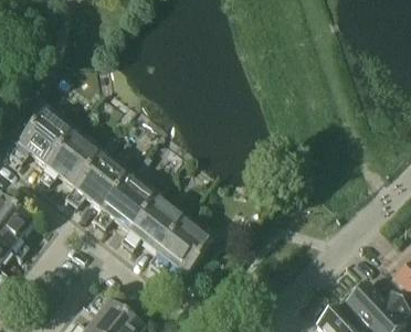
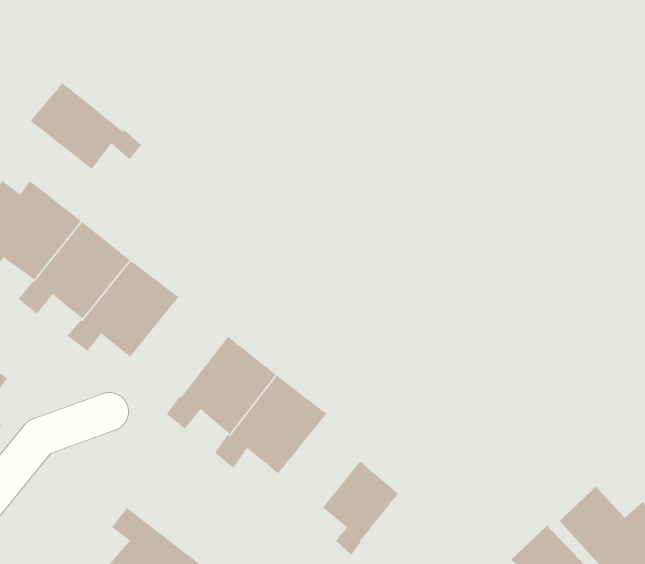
building: none -> [30,82,142,170]
building: [94,174,157,231] -> none
building: none -> [322,460,399,555]

